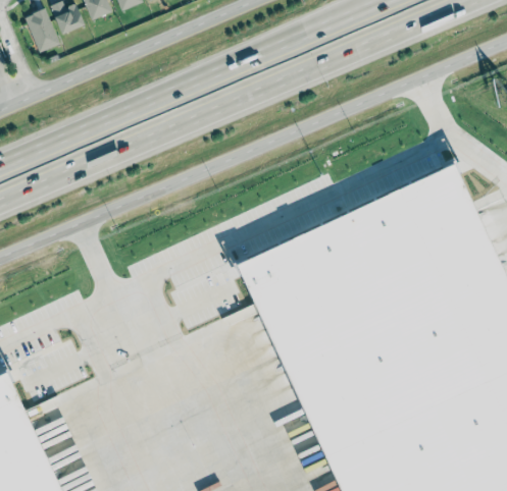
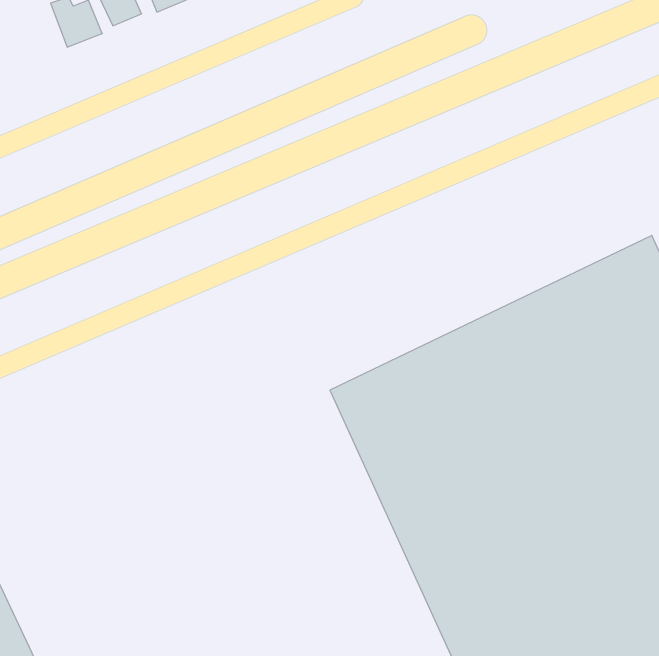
building: [24,9,59,53] -> none

